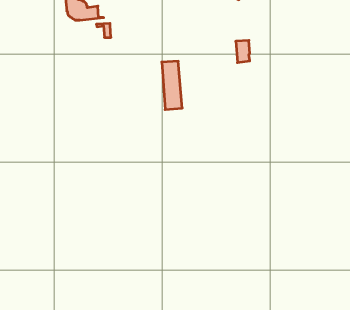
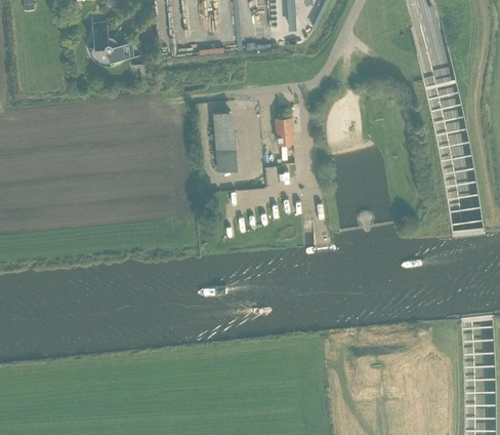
building: [236,40,250,63] -> [275,117,292,145]

